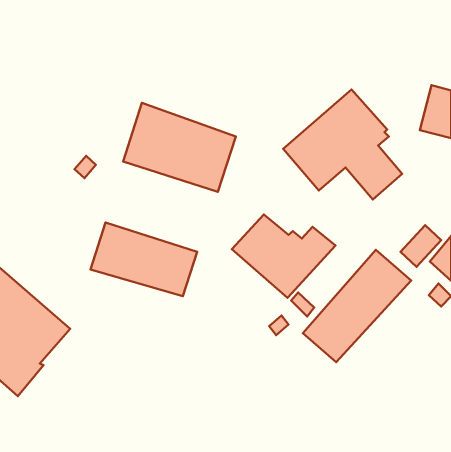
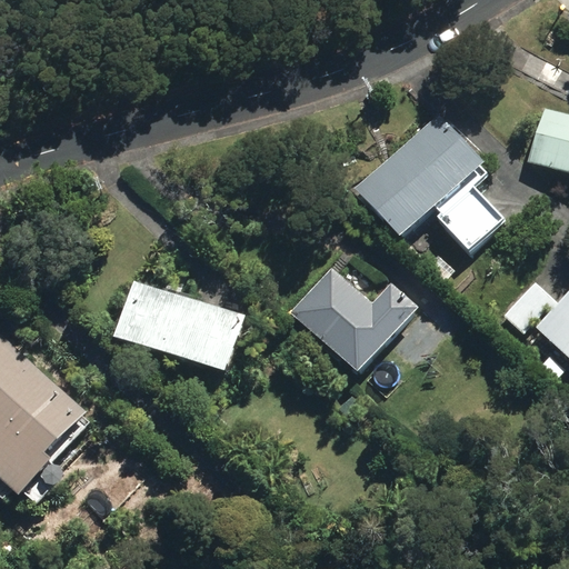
building: [123,103,236,192] -> none
building: [303,250,411,362] -> none

